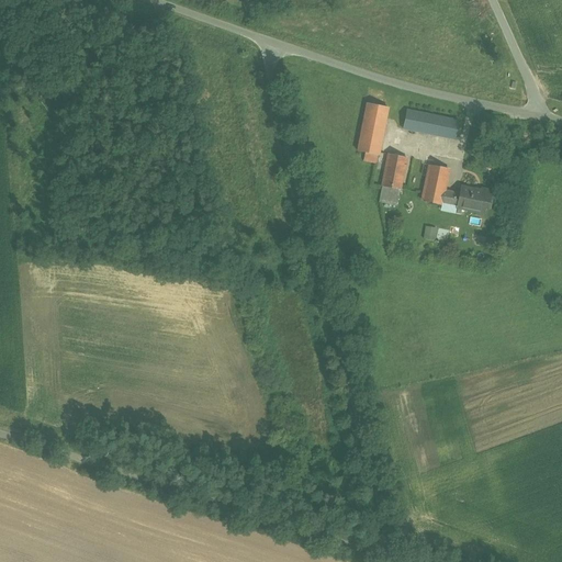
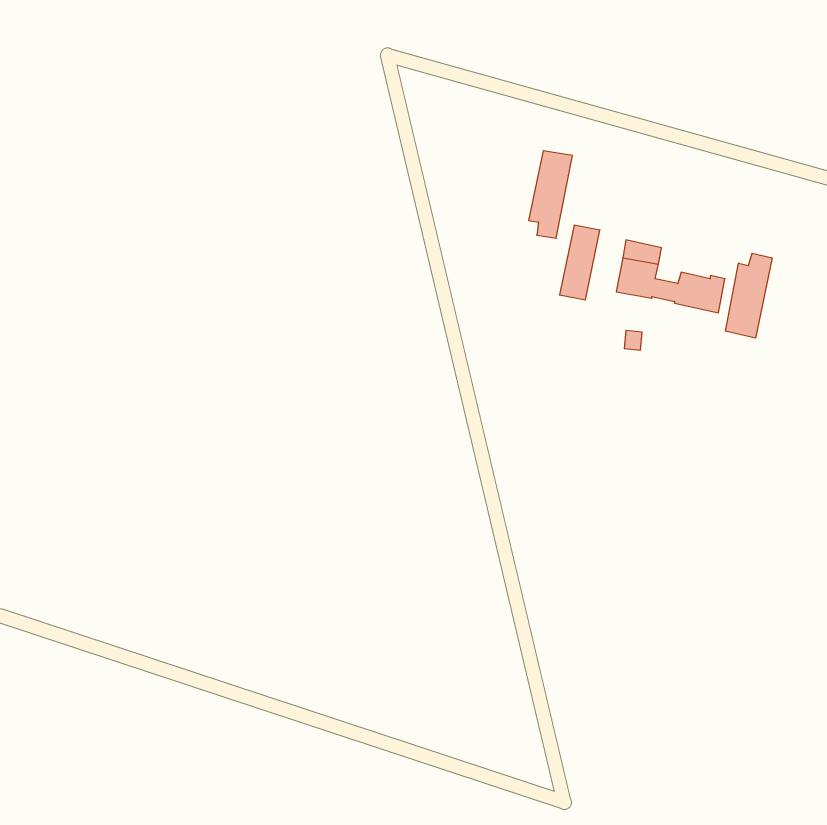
building: [404,109,460,137] -> none
building: none -> [725,253,772,338]

